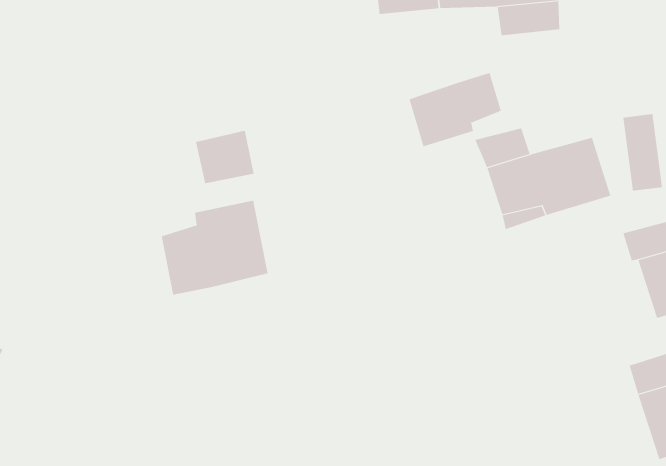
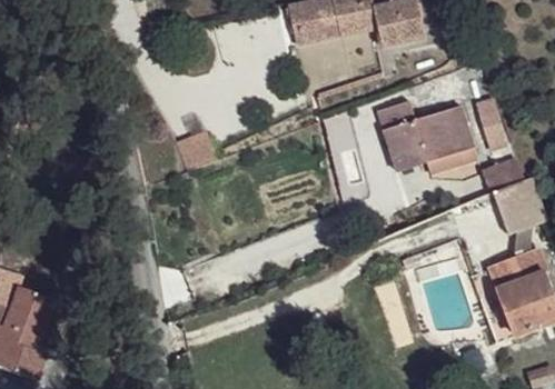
building: [409,72,502,147] -> none
building: [161,200,268,295] -> none

